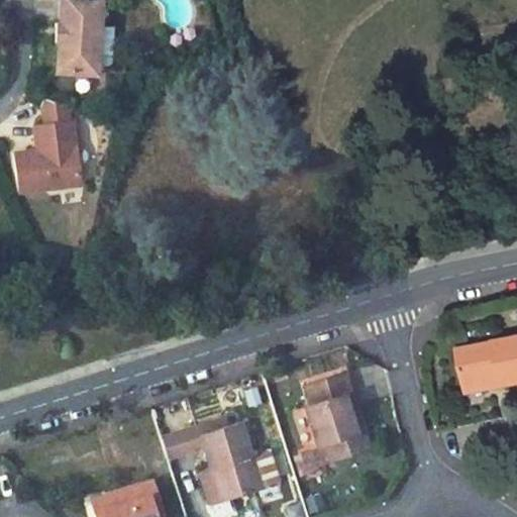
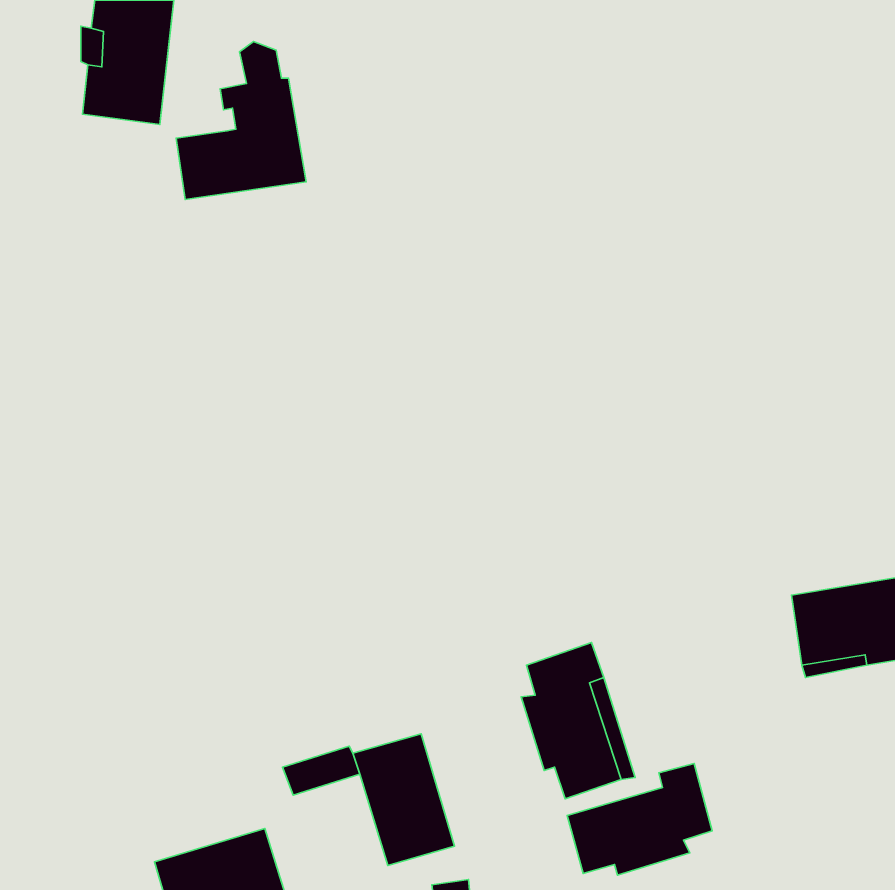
building: [11,99,86,190] -> [176,41,306,199]
building: none -> [567,763,712,875]

